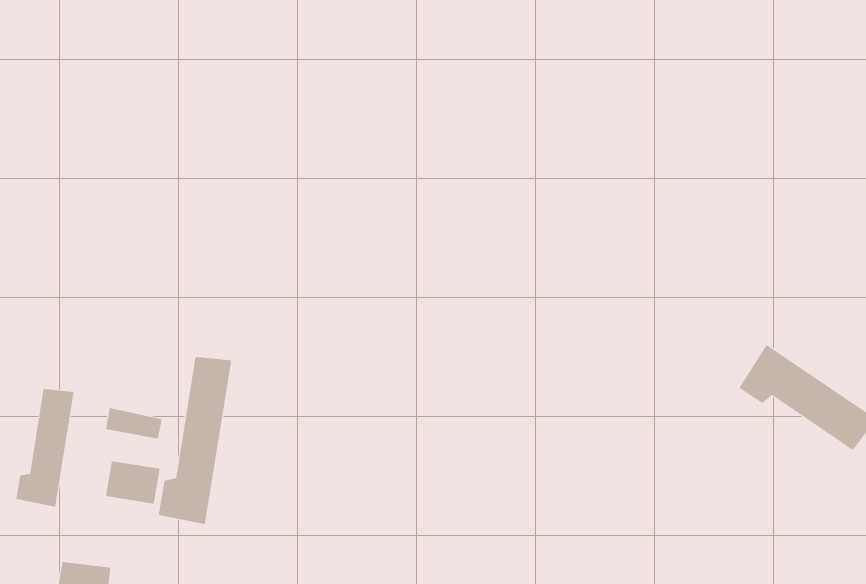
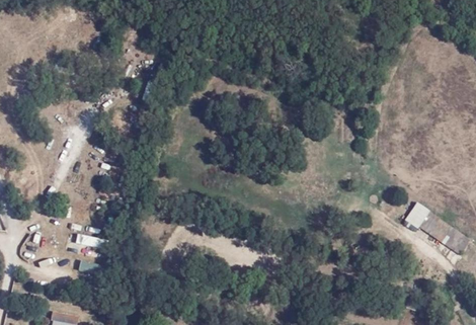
building: [158,356,232,525] -> none
building: [16,388,74,507] -> none

